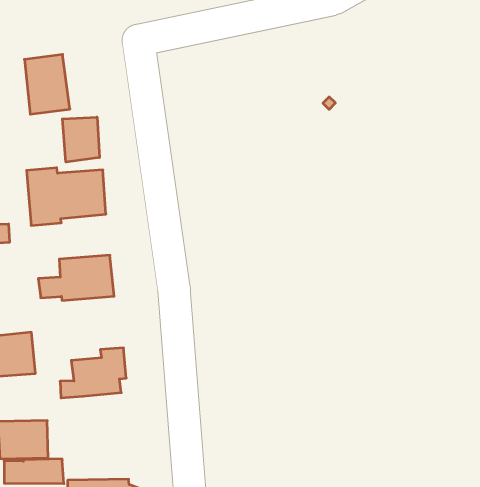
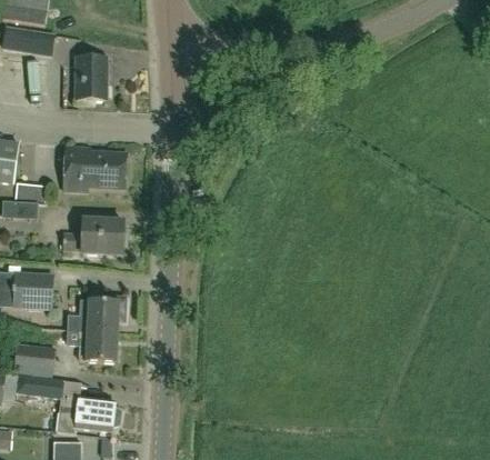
building: [62,117,99,162] -> none
building: none -> [68,330,118,362]

